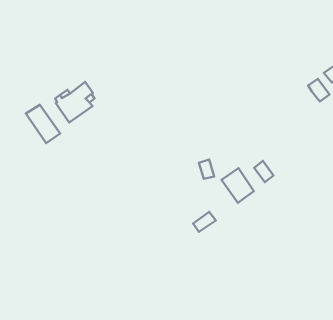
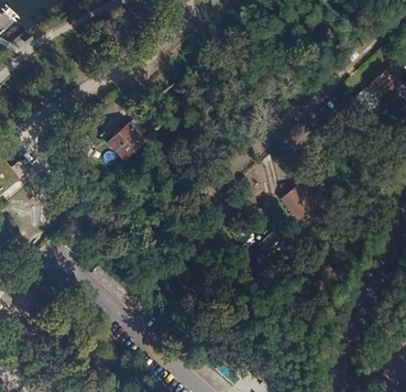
building: [26,105,60,143] -> none

